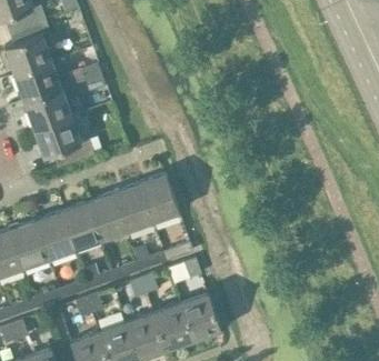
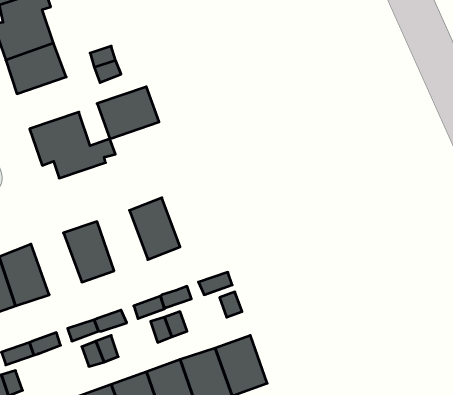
building: [22,89,71,130] -> [97,87,159,139]
building: [137,176,178,223] -> none
building: [86,194,126,242] -> none
building: [33,212,73,261] -> none

